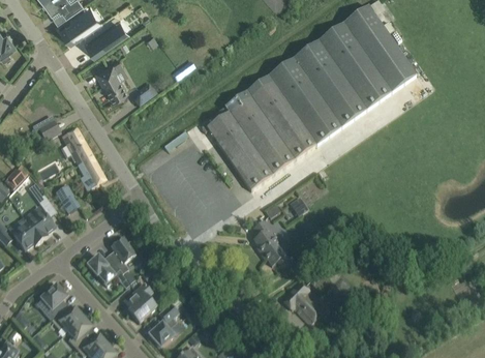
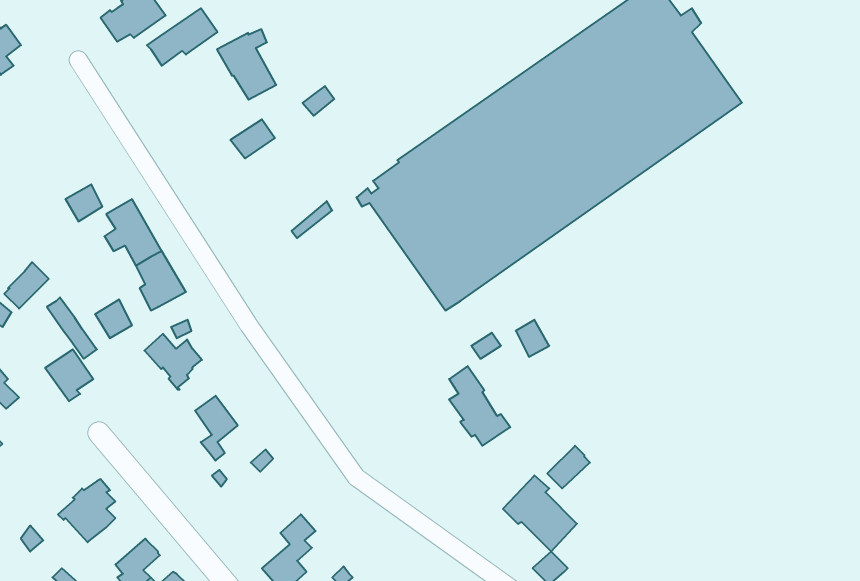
building: [94,58,127,97] -> [217,29,276,100]
building: [12,221,40,249] -> none
building: [87,255,119,286] -> [144,334,202,390]
building: [123,290,155,322] -> none
building: [51,307,83,331] -> none

